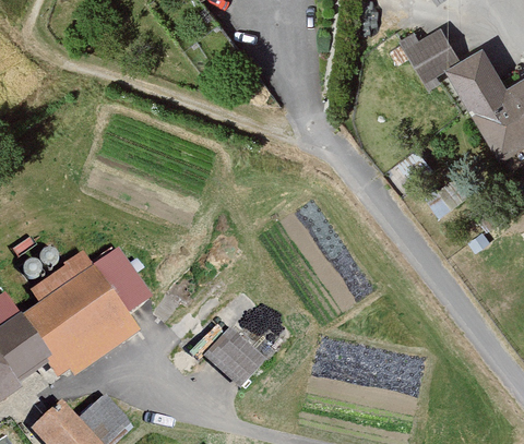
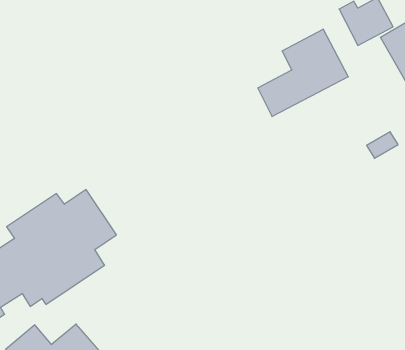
building: none -> [258,29,348,117]
building: [204,324,266,385] -> none

